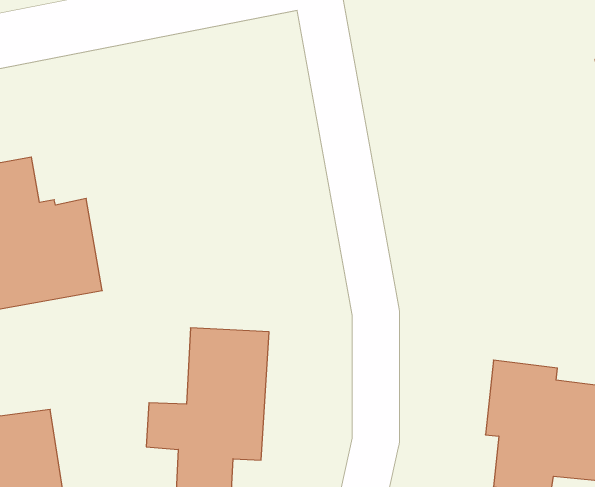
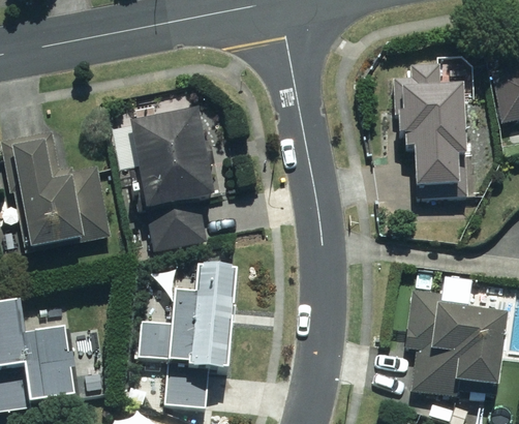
building: none -> [392,61,469,199]
building: none -> [131,109,216,249]

